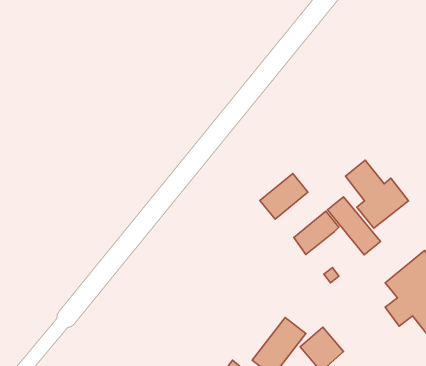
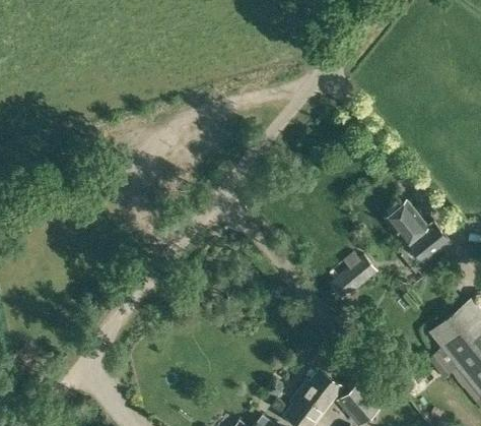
building: [260,173,308,219] -> none
building: [327,197,380,255] -> none

